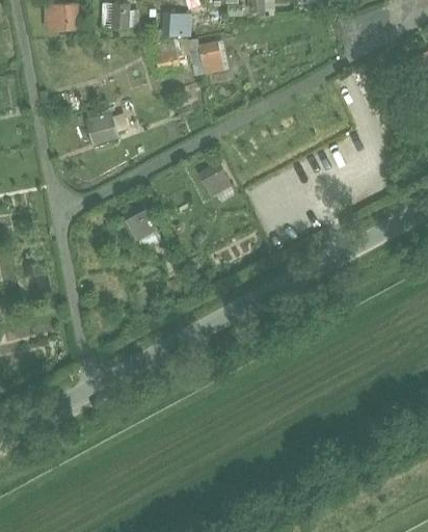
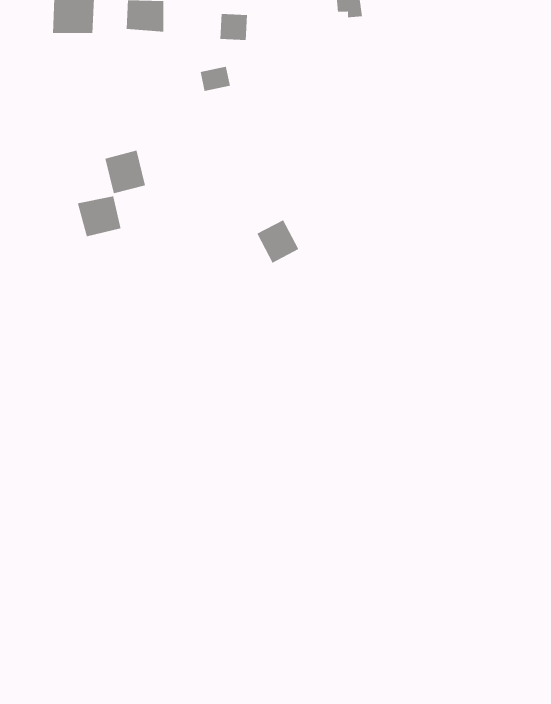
building: [197,44,221,74] -> none
building: none -> [77,195,121,237]
building: [123,206,155,240] -> none

